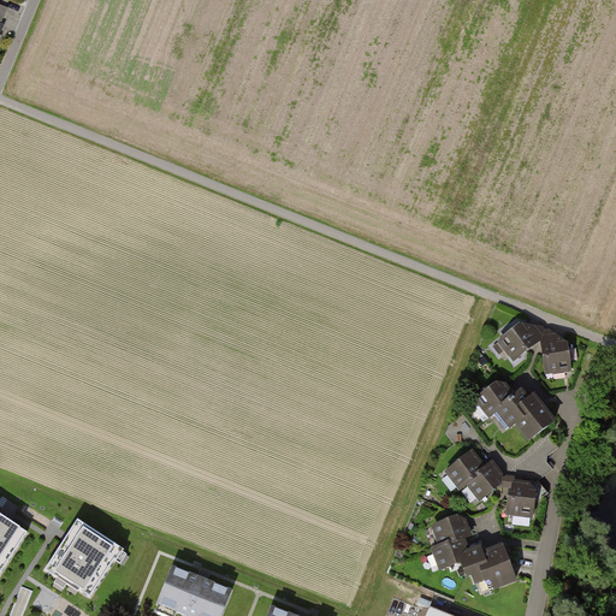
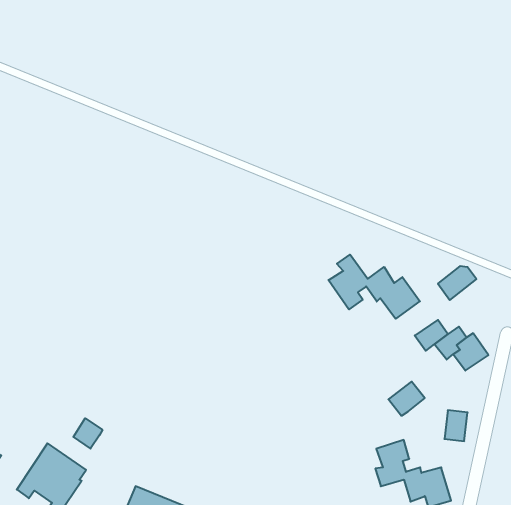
building: none -> [328,255,420,319]
building: [543,337,569,373] -> none
building: [468,462,507,498] -> none
building: none -> [73,418,102,449]

